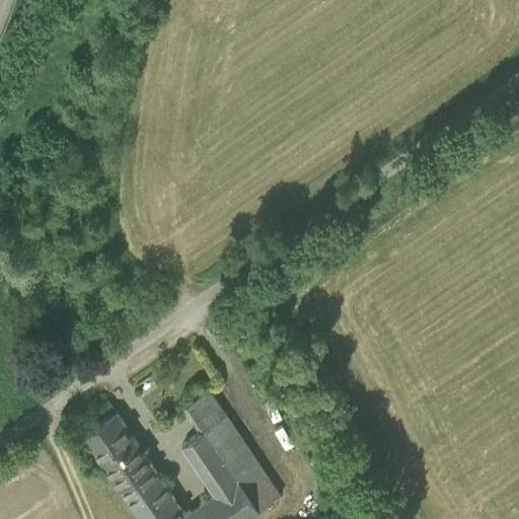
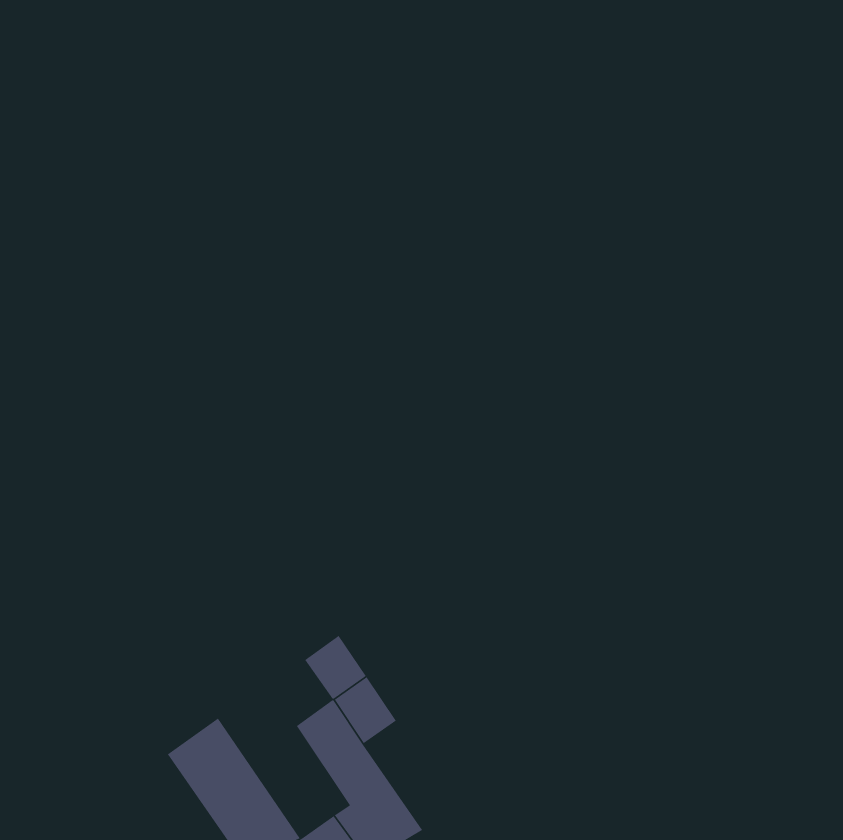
building: [85,416,135,465] -> none
building: [224,445,281,512] -> none

